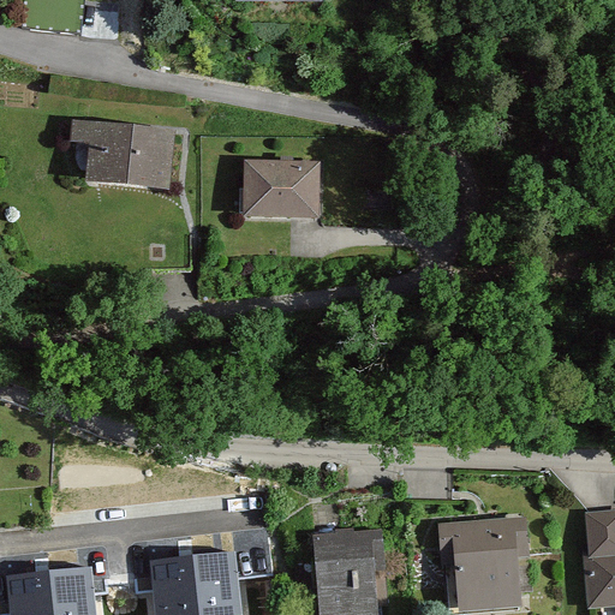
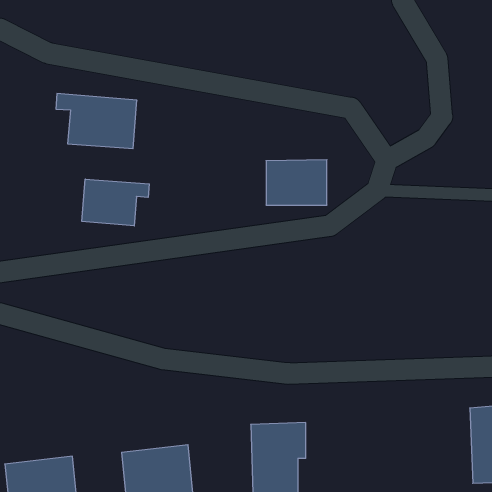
building: [241,159,317,215] -> [266,160,327,205]
building: none -> [82,179,149,226]
building: [437,520,529,608] -> none

